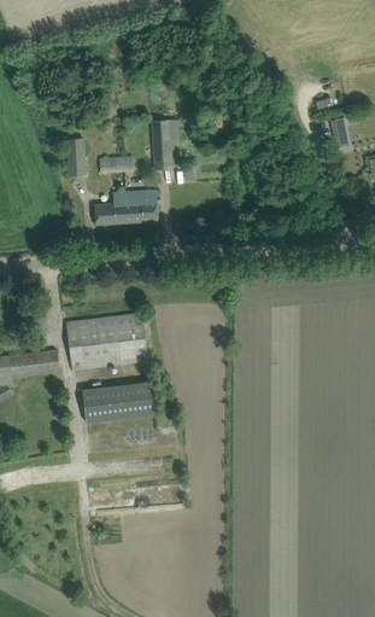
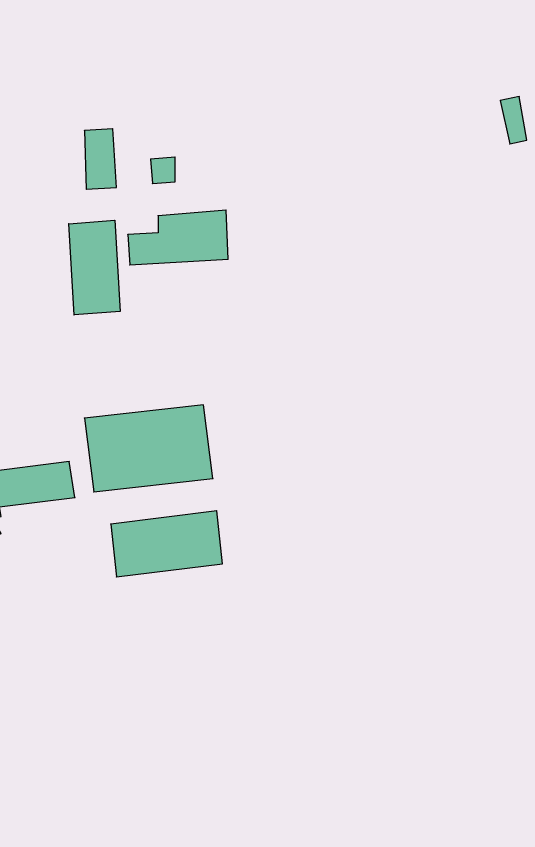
building: [151,118,171,169] -> none
building: none -> [69,220,120,315]

